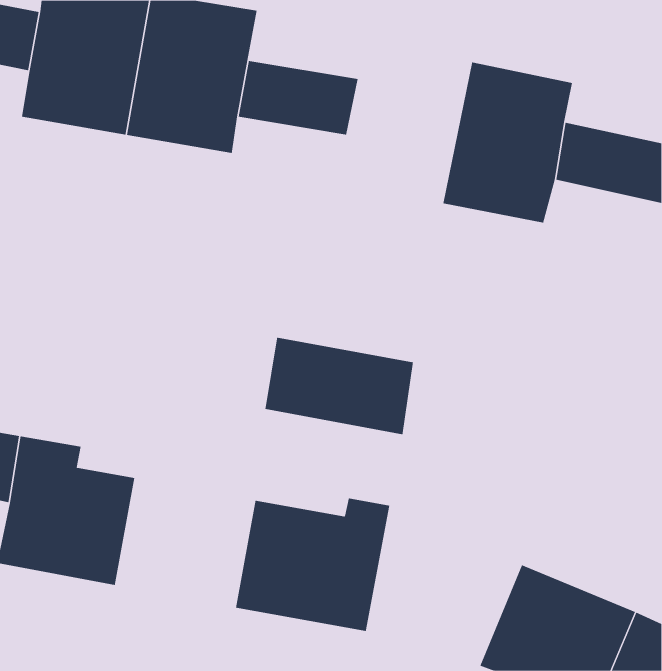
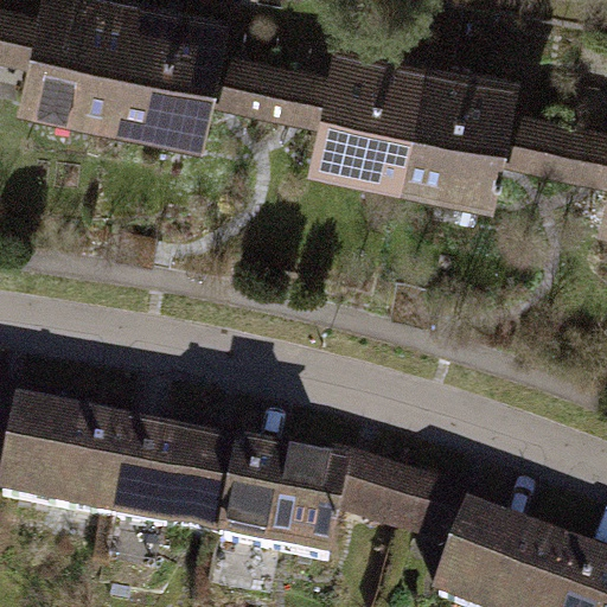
building: none -> [305,37,426,184]
building: [265,337,413,435] -> none
building: none -> [104,427,234,549]
building: none -> [340,456,474,556]

